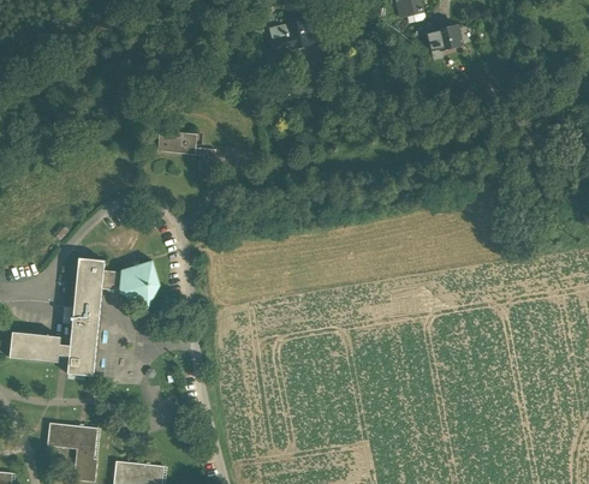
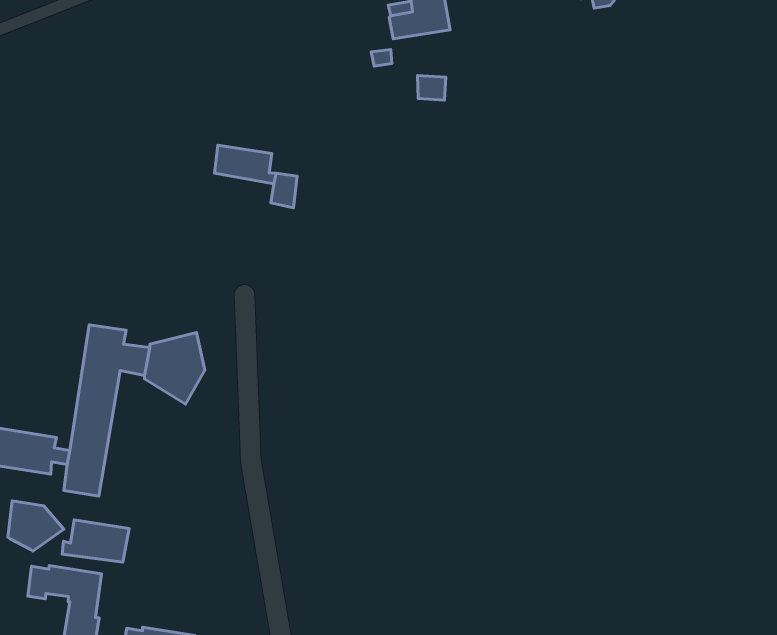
building: [428,25,462,50] -> none
building: none -> [8,501,64,551]
building: none -> [62,520,129,562]

